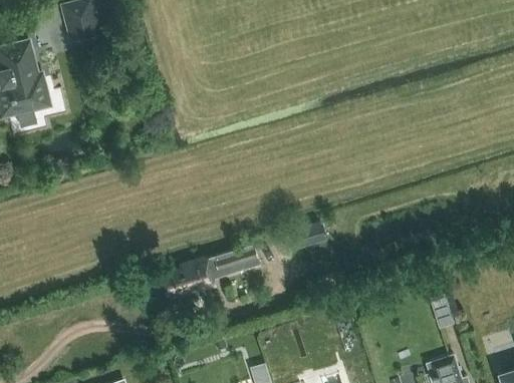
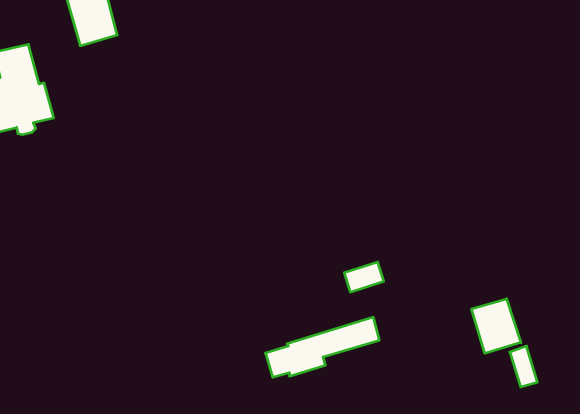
building: [163,247,258,297] -> [265,317,379,377]
building: none -> [472,299,521,353]

